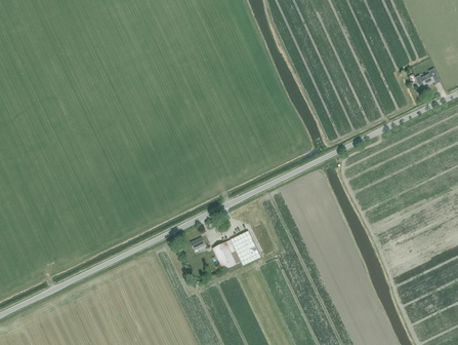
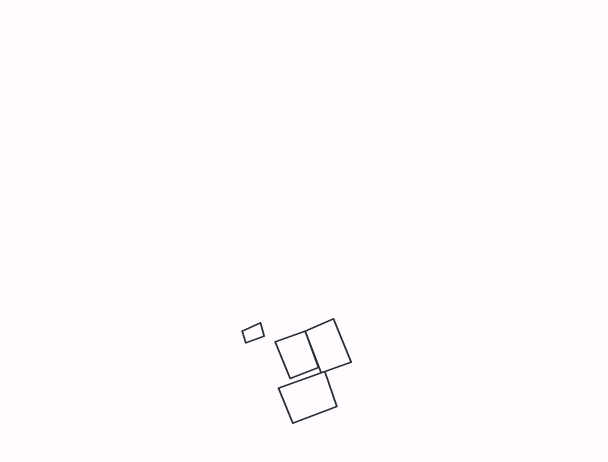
building: none -> [278,371,337,423]

